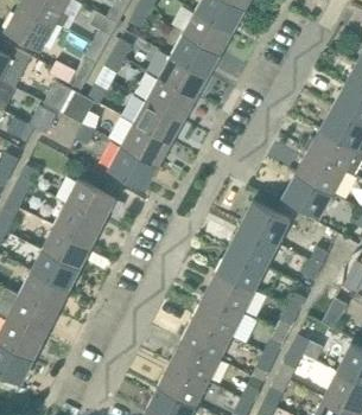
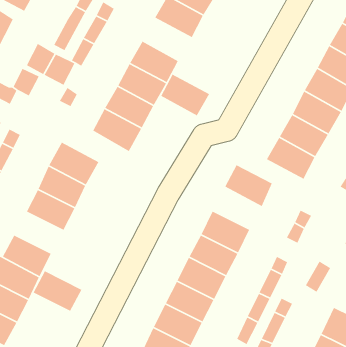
building: [158,56,208,98] -> [160,74,210,116]
building: [228,224,278,267] -> none
building: [30,249,80,290] -> [33,270,82,312]

